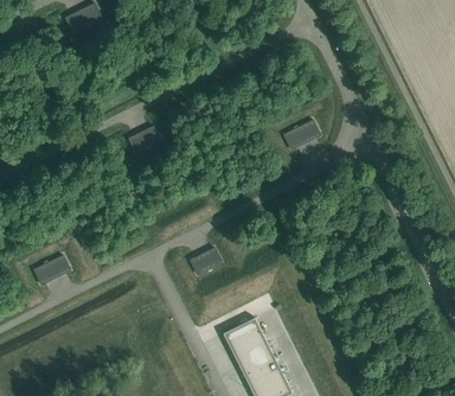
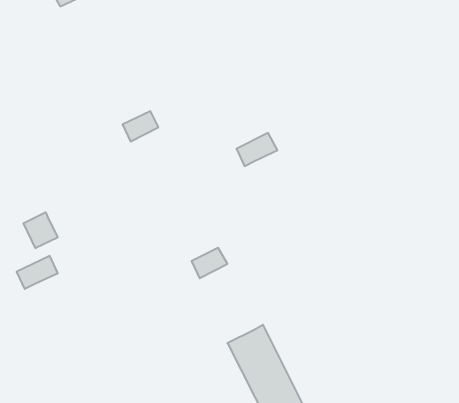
building: [284,120,321,149] -> [236,133,277,166]
building: none -> [24,212,58,248]

